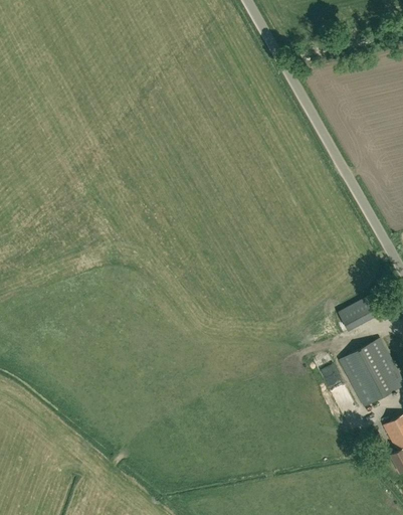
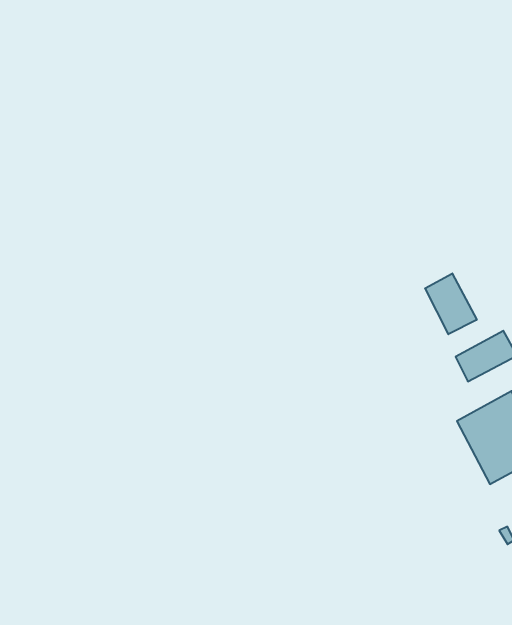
building: none -> [425,273,477,334]

